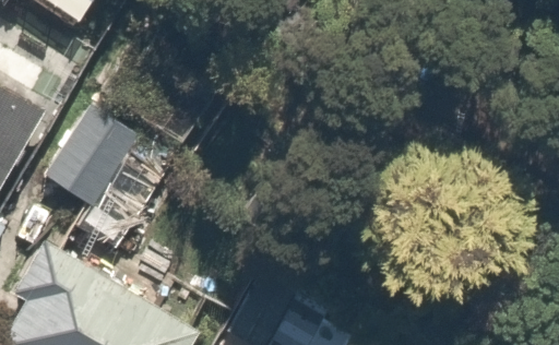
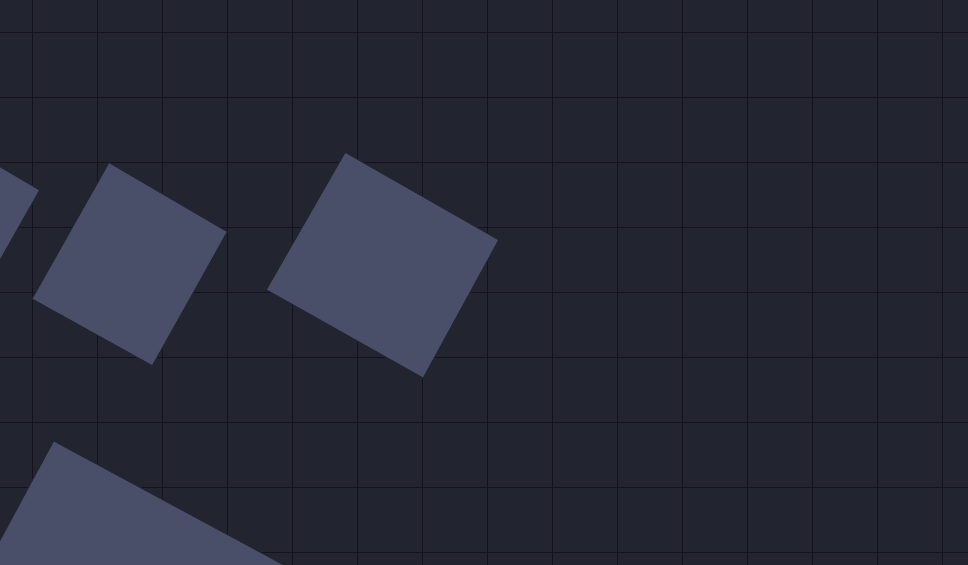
building: none -> [266,152,499,378]

